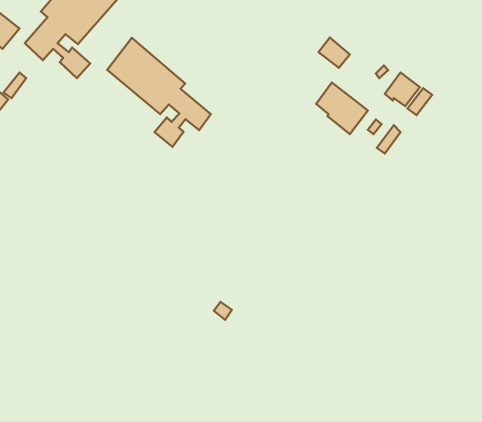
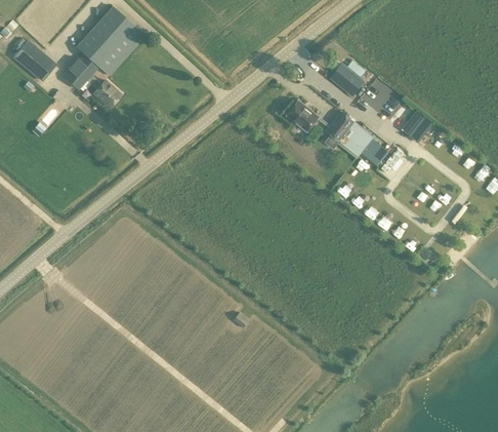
building: [107,38,211,147] -> none
building: none -> [287,102,319,131]

